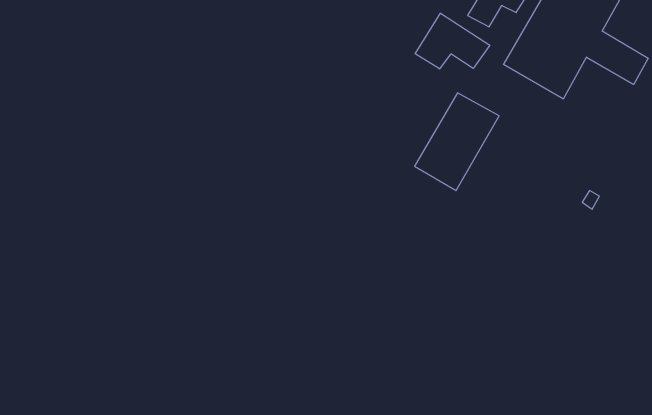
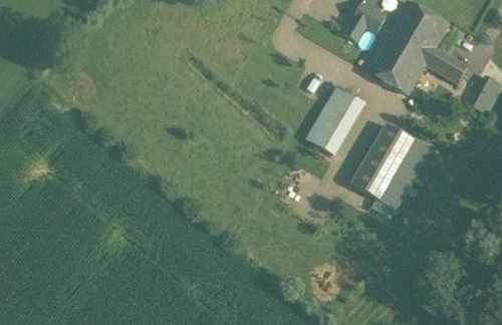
building: [415,13,490,69] -> none
building: none -> [352,123,426,214]

